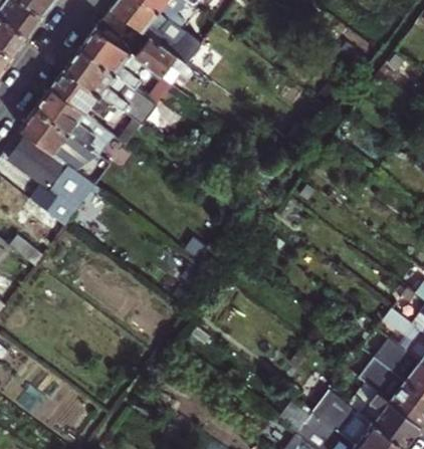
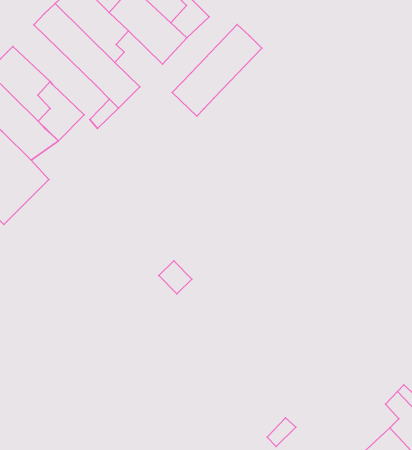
building: none -> [172,25,262,116]
building: [51,67,121,122] -> none

